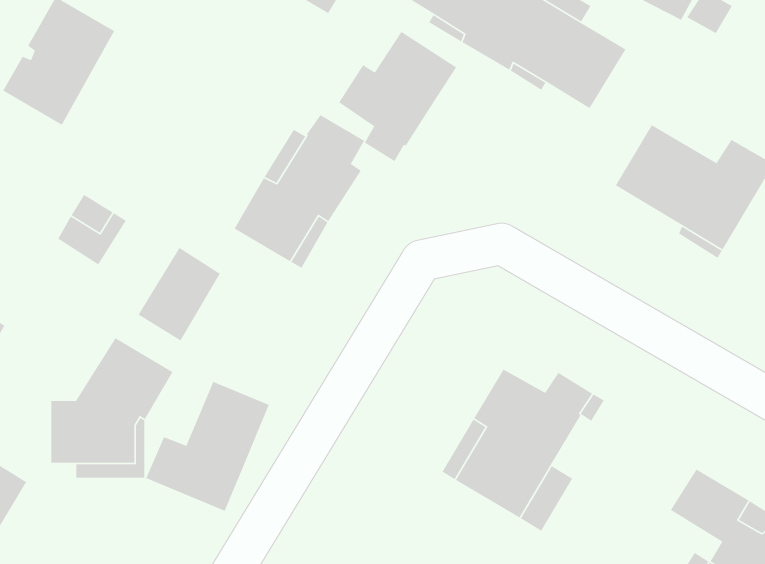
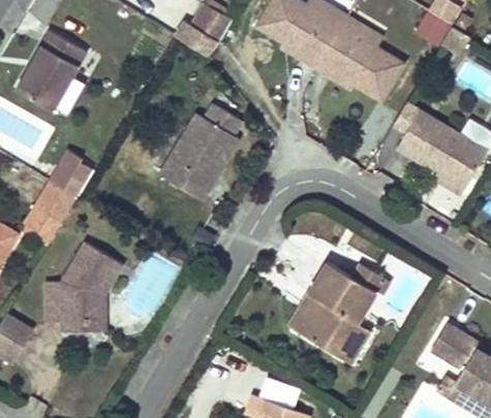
building: [338,31,457,162] -> none
building: [138,247,221,342] -> [24,181,75,239]
building: [145,381,270,512] -> none

